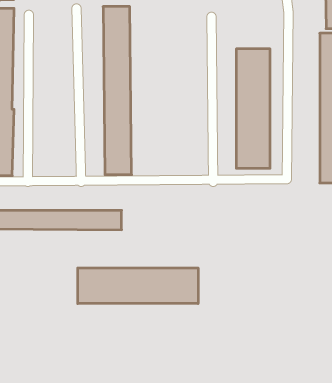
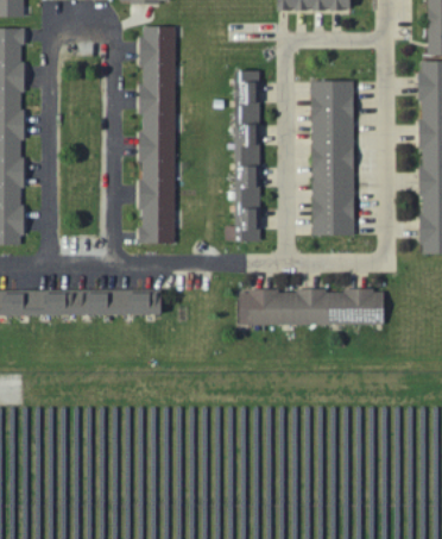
building: none -> [227,71,260,242]
building: none -> [240,290,385,325]
building: [78,268,198,304] -> none

